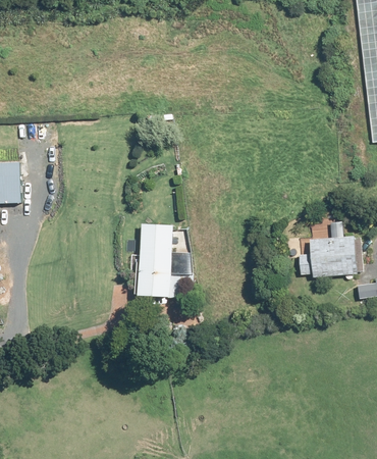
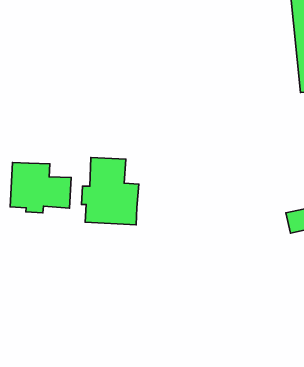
building: [299,220,366,276] -> none
building: none -> [10,162,71,213]

